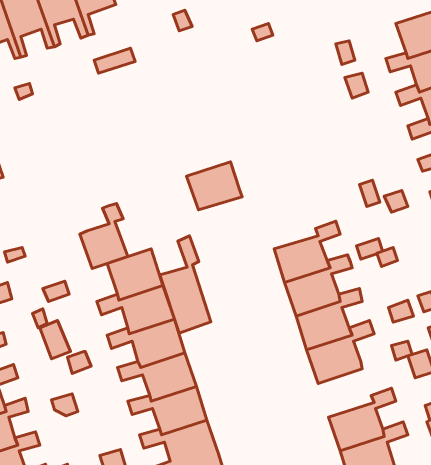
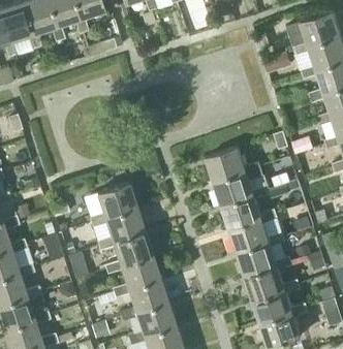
building: [187,162,242,210] -> [207,147,246,181]
building: [80,203,128,269] -> none
building: [160,236,211,333] -> none
building: none -> [246,255,293,299]

